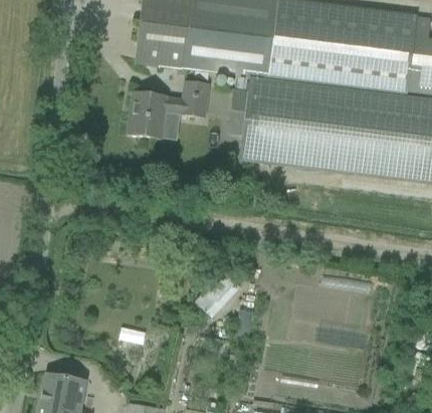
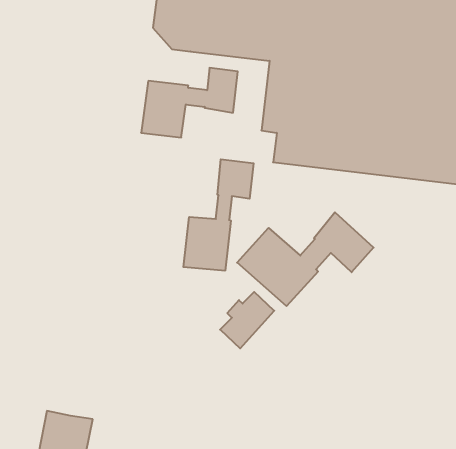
building: none -> [183,159,254,271]
building: none -> [237,212,374,306]

